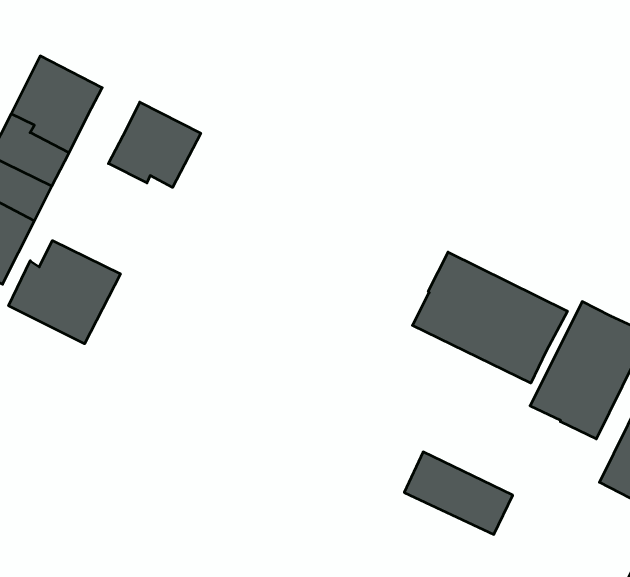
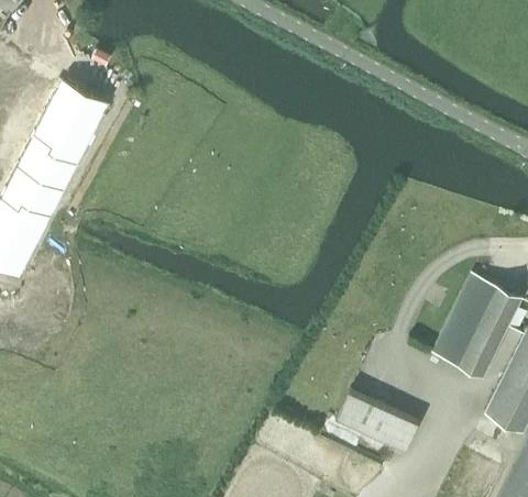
building: [108,102,201,187] -> none
building: [9,241,120,344] -> none
building: [412,252,567,383] -> none

